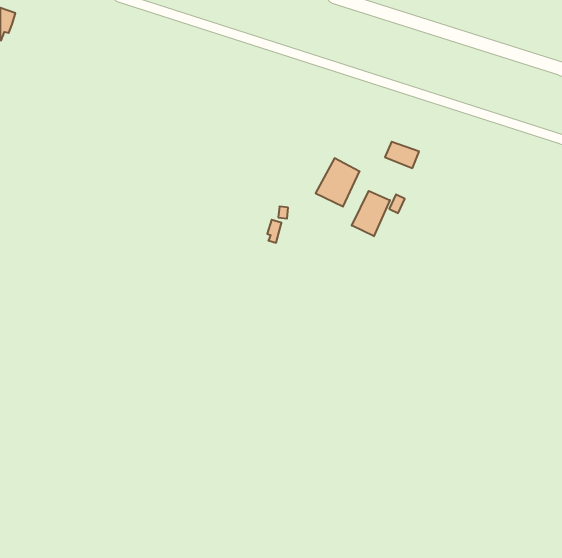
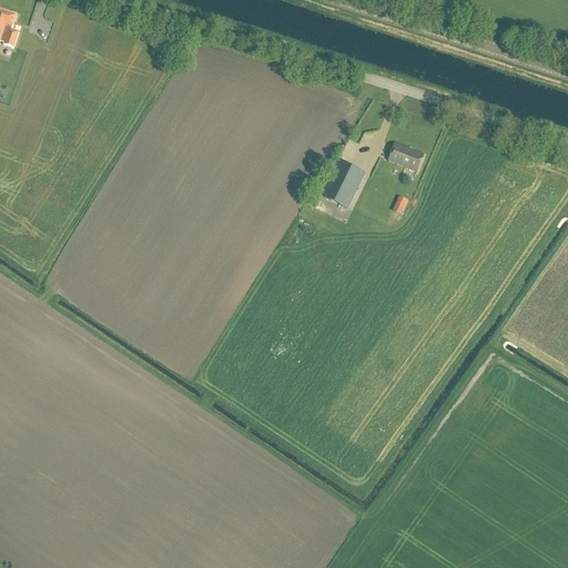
building: [352,191,390,236] -> none

